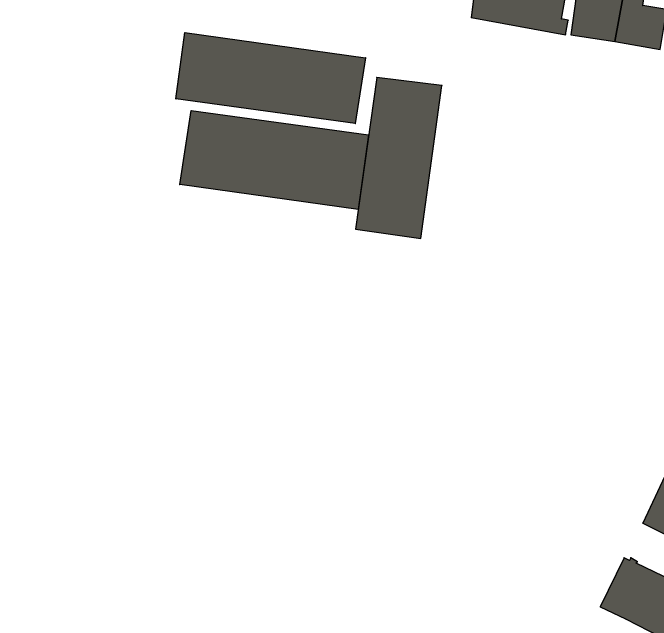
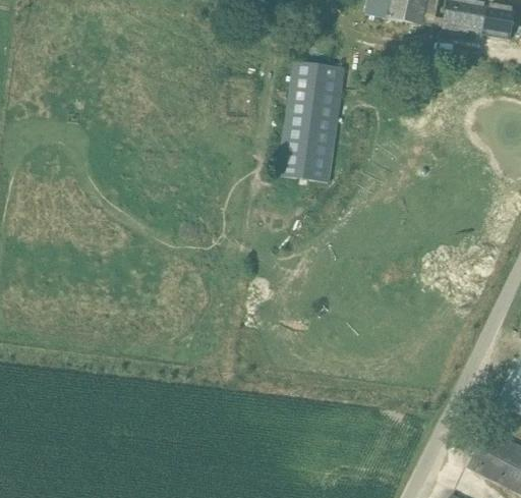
building: [176,33,366,124] -> none
building: [180,111,368,209] -> none

